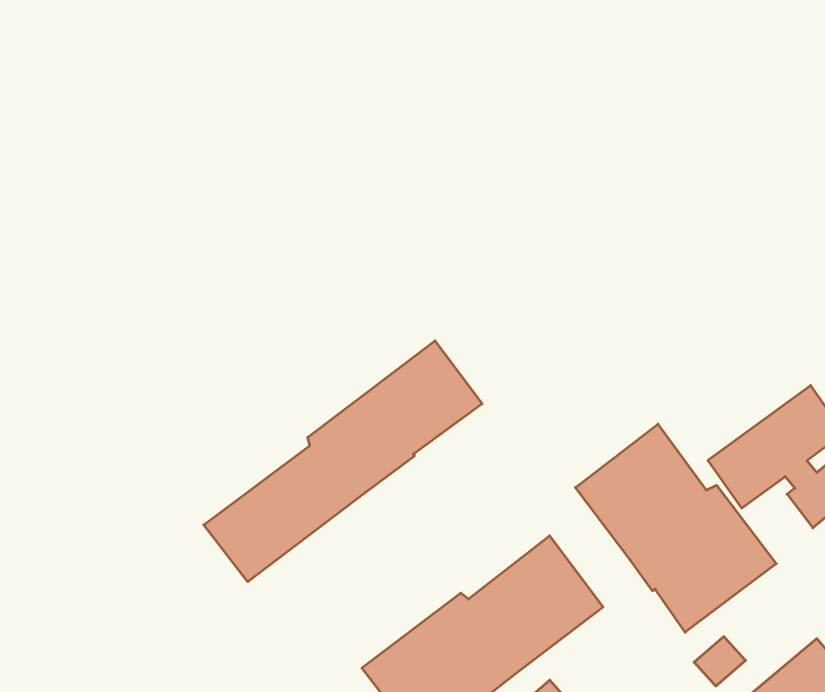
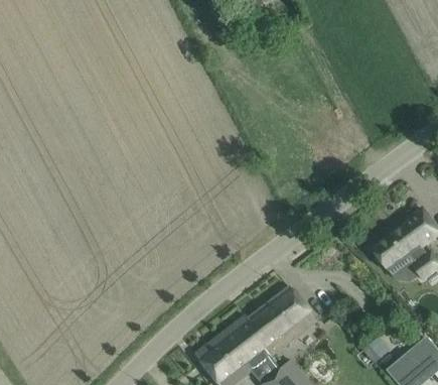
building: [204,341,482,582] -> none
building: [575,424,776,632] -> none

